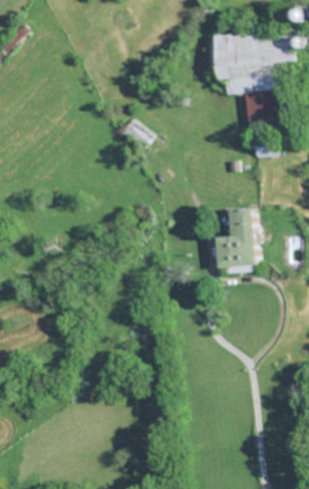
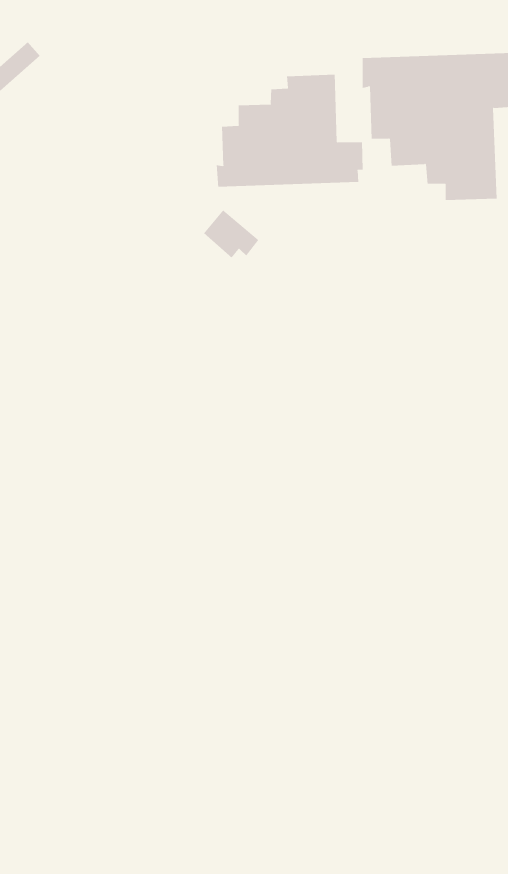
building: none -> [216,74,363,188]
building: [215,208,255,268] -> none

